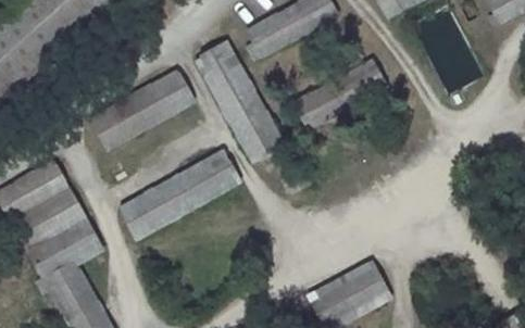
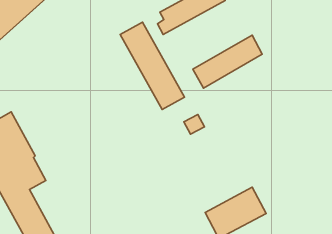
building: [91,71,191,148] -> none
building: [118,150,240,238] -> none

